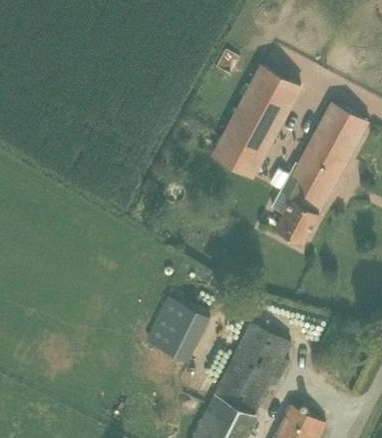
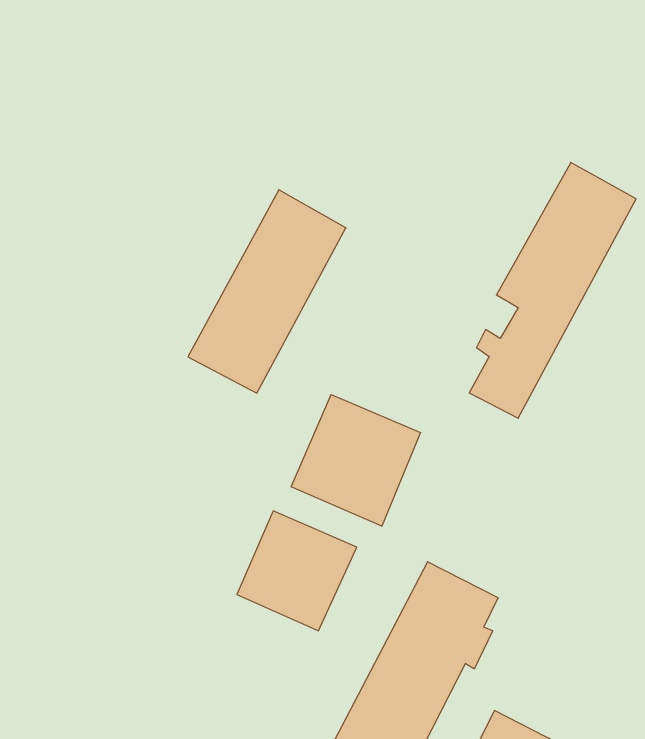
building: [212,66,299,178] -> [188,190,346,393]
building: none -> [291,395,420,526]

